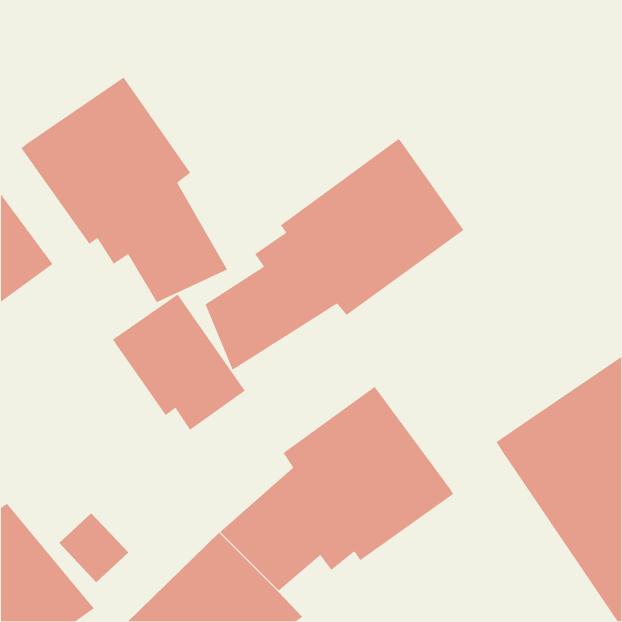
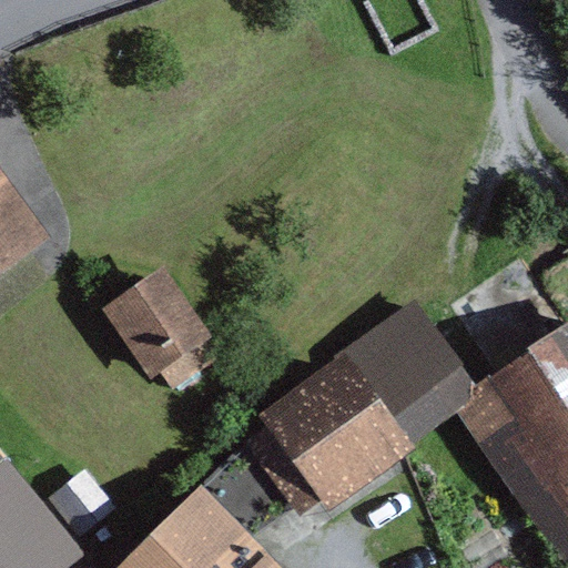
building: [21,77,228,303] -> none
building: [205,138,464,371] -> none
building: none -> [342,301,476,445]

